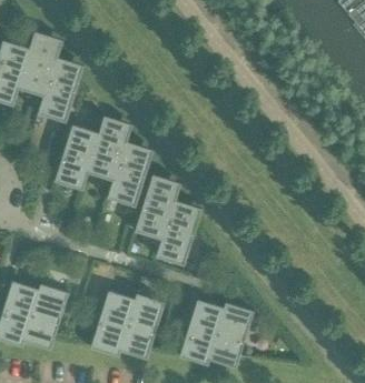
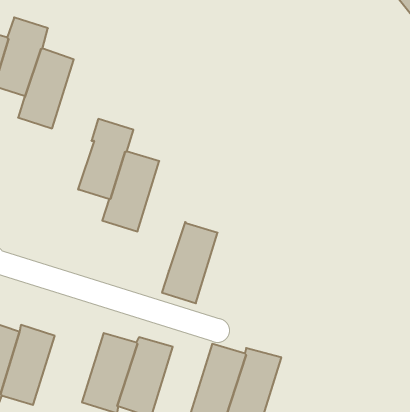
building: [55,124,100,190] -> none
building: [135,173,180,239] -> none

